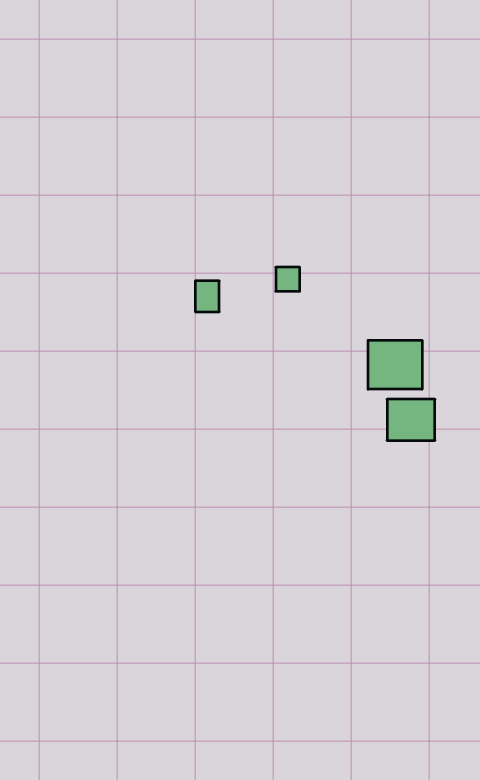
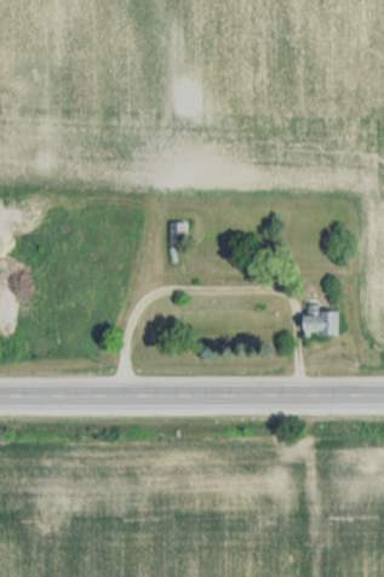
building: [368,340,422,389] -> none

